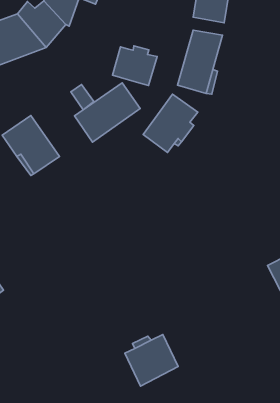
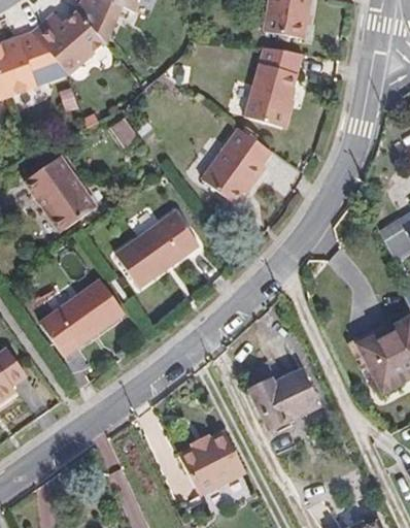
building: [112,46,157,85] -> none
building: [75,83,140,142] -> [116,211,199,286]
building: none -> [41,278,125,355]
building: none -> [250,369,319,429]

